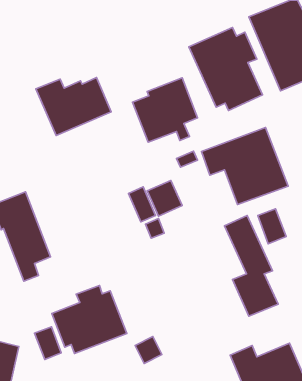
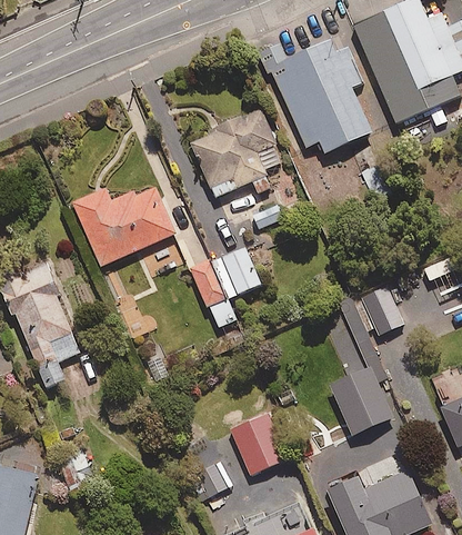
building: [36,78,111,135] -> [72,187,175,266]
building: [201,128,288,204] -> none
building: [52,285,127,353] -> none
building: none -> [230,414,284,475]

